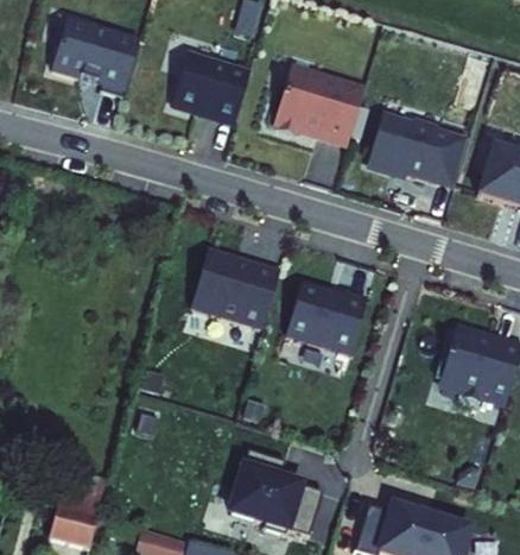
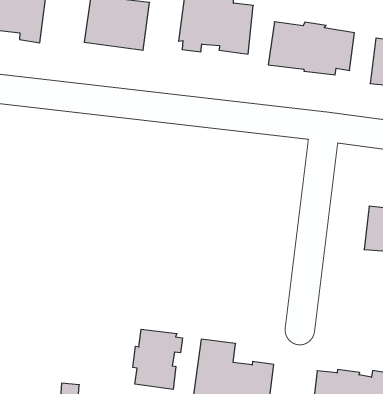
building: [191,248,279,327] -> none
building: [286,283,366,353] -> none
building: none -> [133,329,182,389]

